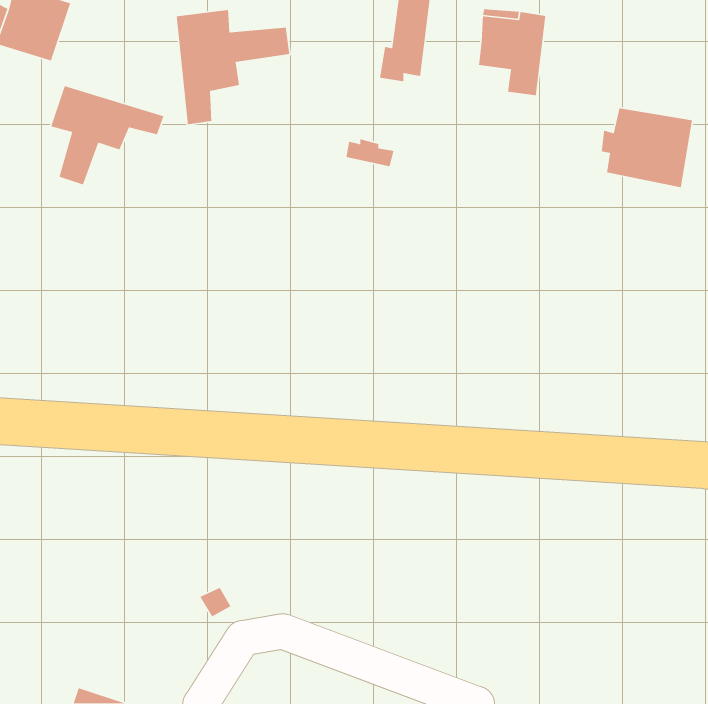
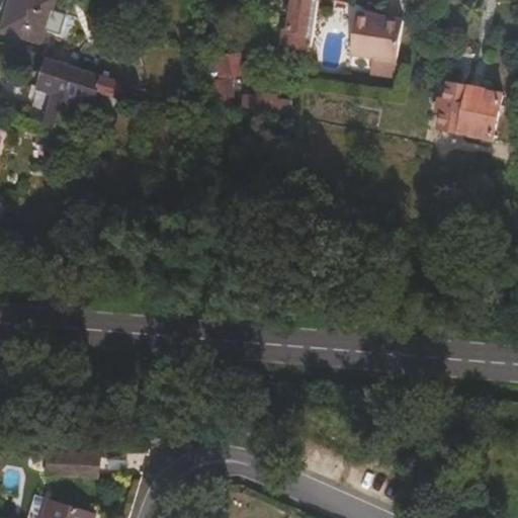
building: [176,9,290,125] -> none
building: none -> [211,65,247,107]
building: none -> [48,450,101,478]

